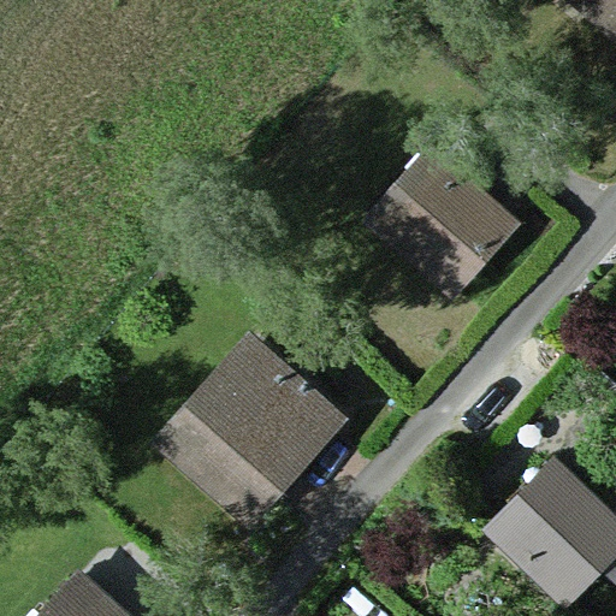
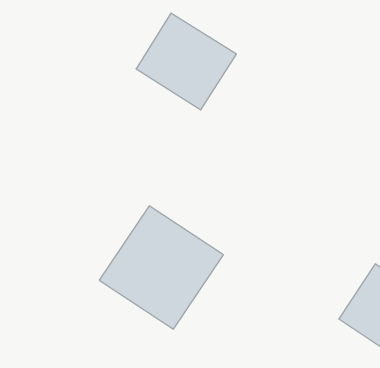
building: [369,148,516,292] -> [136,13,236,110]

